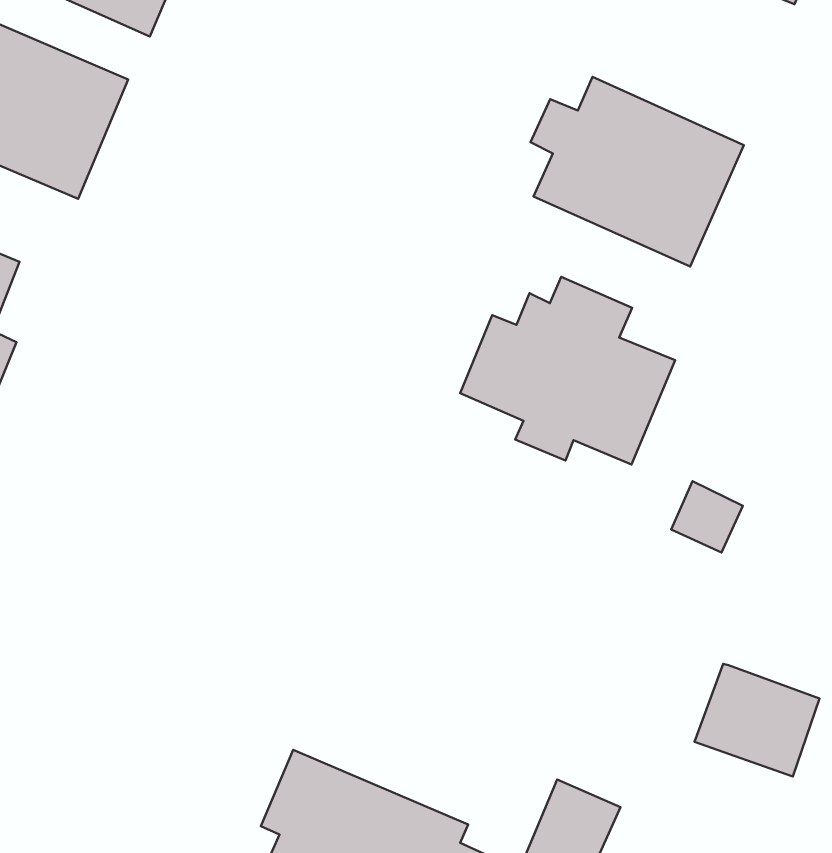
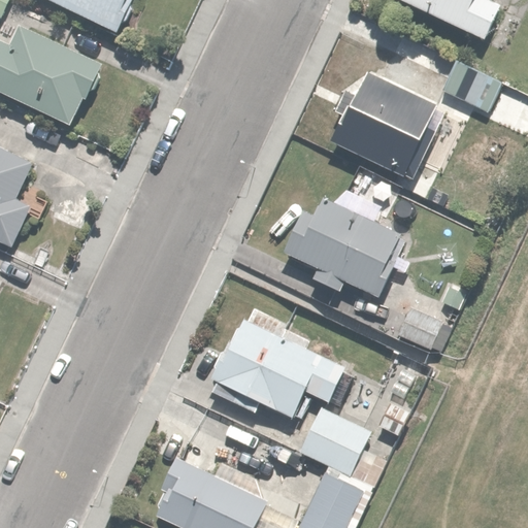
building: none -> [439,61,497,110]
building: none -> [206,305,342,416]
building: [694,664,820,777] -> [300,406,372,472]

